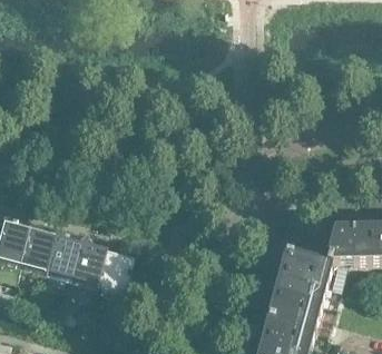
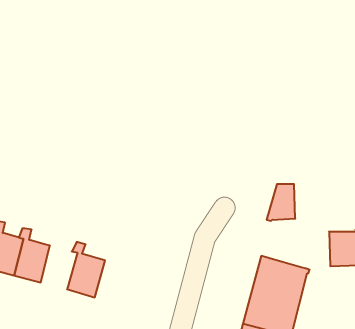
building: [324,230,352,266] -> [267,184,295,221]
building: [71,234,107,286] -> none

